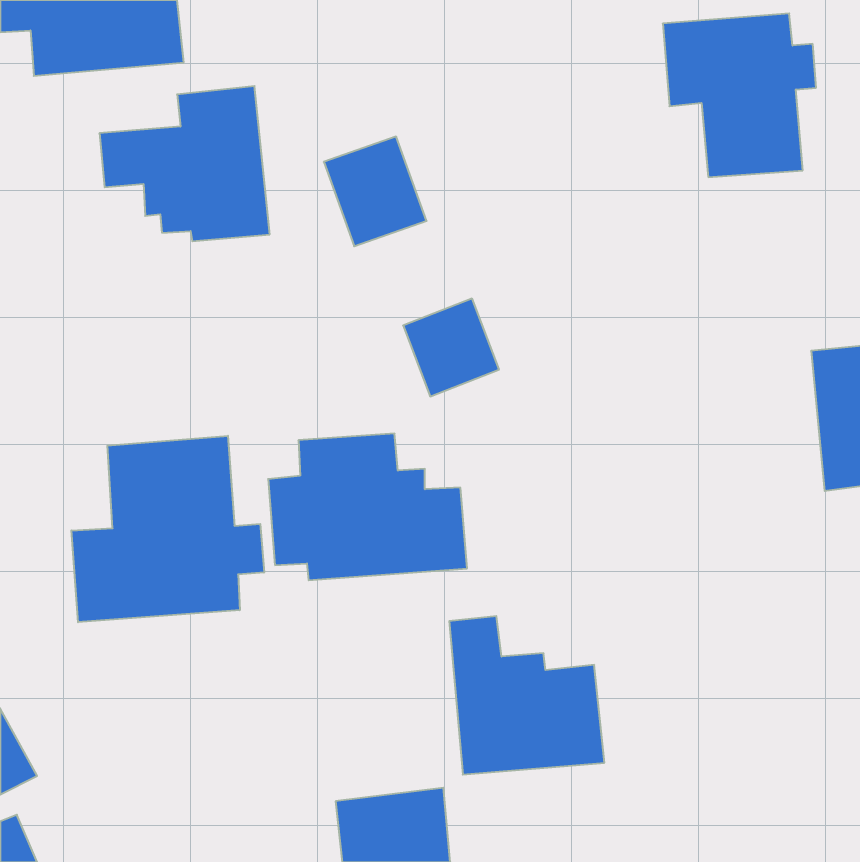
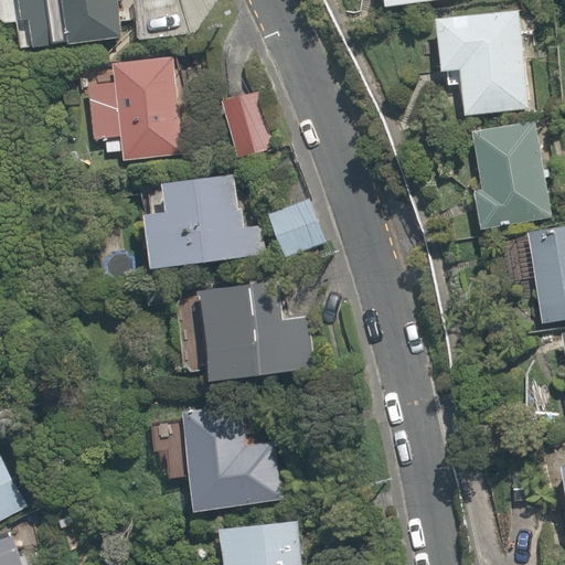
building: none -> [469,120,555,226]
building: none -> [142,178,265,269]
building: [71,436,264,622] -> none
building: [449,616,604,775] -> [181,406,282,510]

